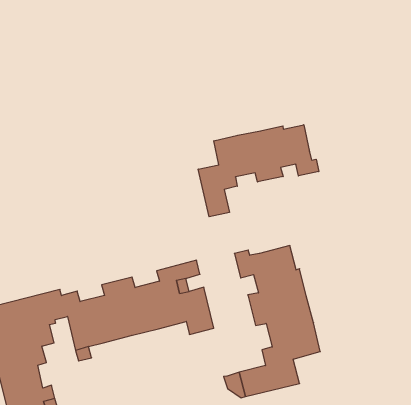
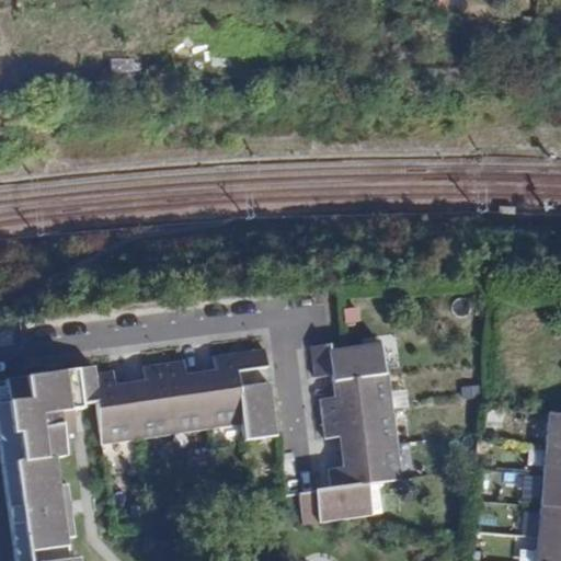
building: [198,125,319,217] -> none

